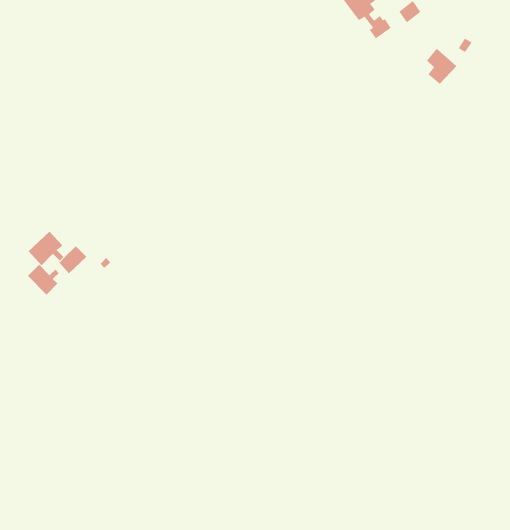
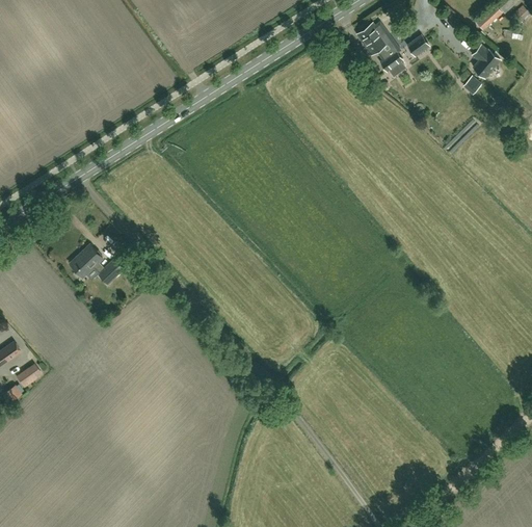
building: [426,48,457,84] -> [473,44,501,77]
building: [27,264,59,295] -> none

